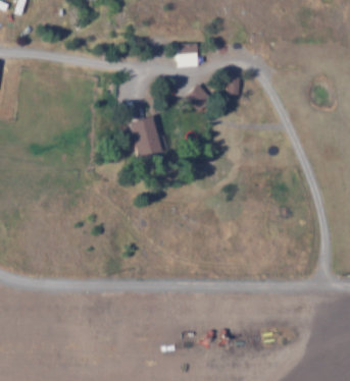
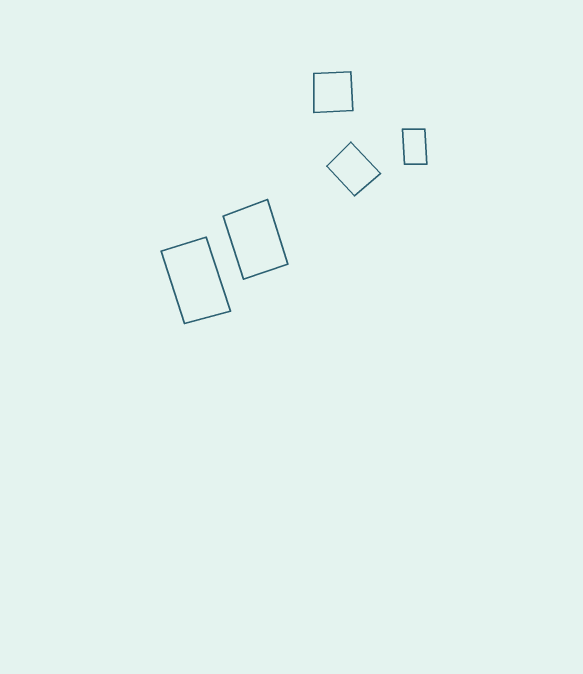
building: none -> [161,237,231,323]

